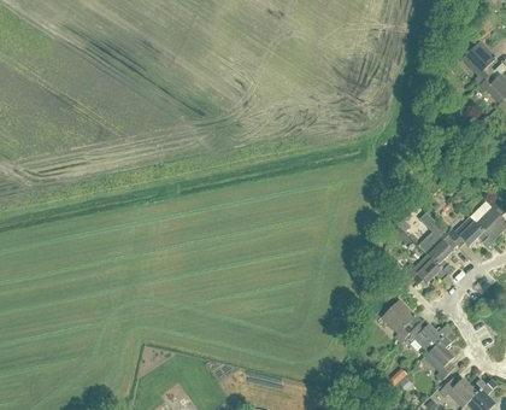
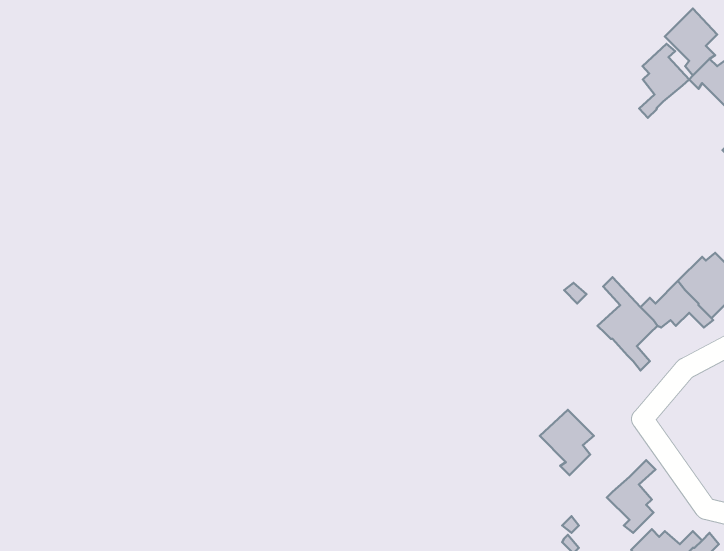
building: none -> [639,44,689,118]
building: [404,253,452,285] -> none
building: [406,318,452,352] -> none

